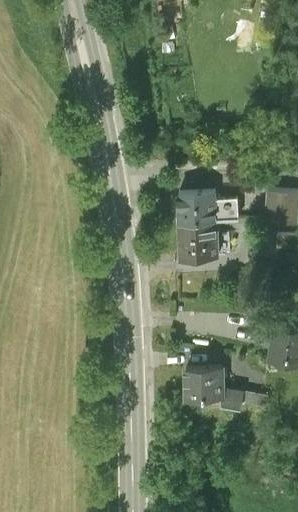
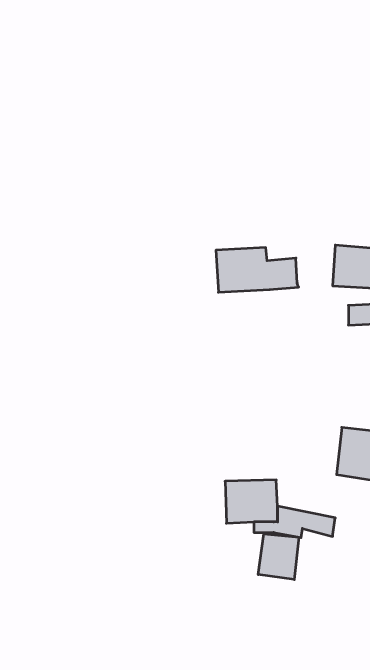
building: [178,221,219,259] -> none
building: none -> [258,534,299,580]

